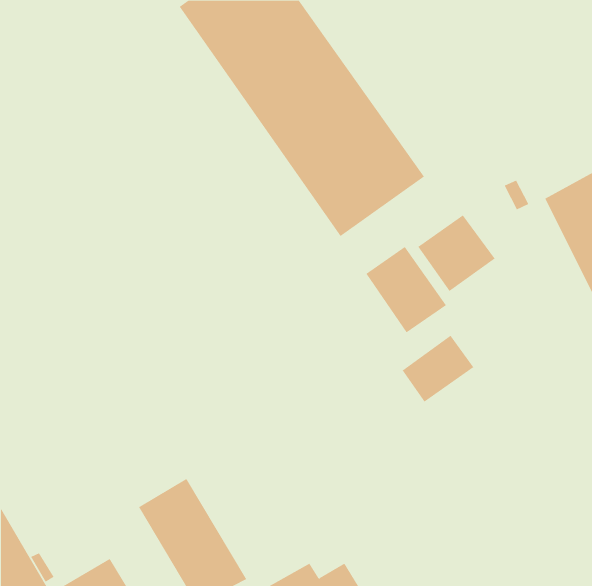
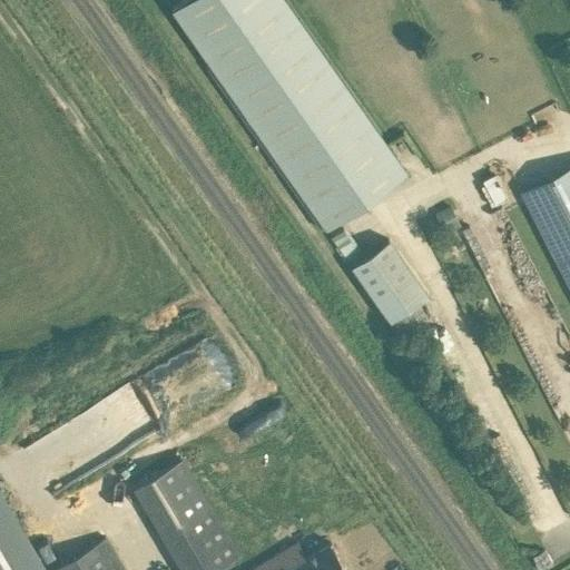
building: [418,215,495,292] -> none
building: [402,335,474,403] -> none

